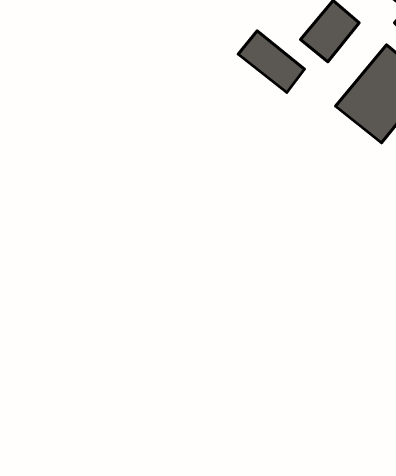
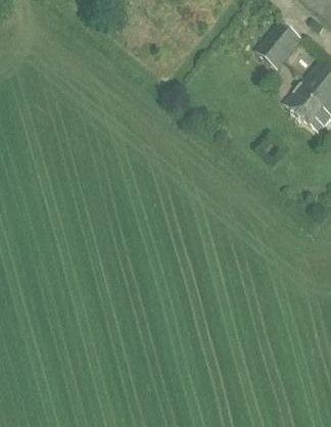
building: [238,31,305,93] -> none

